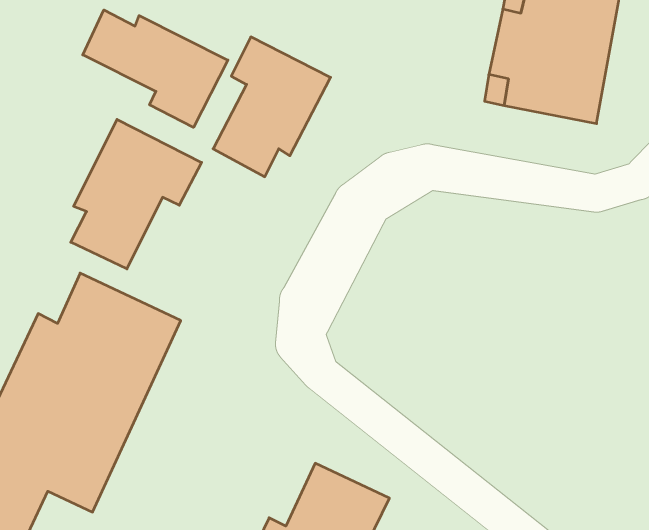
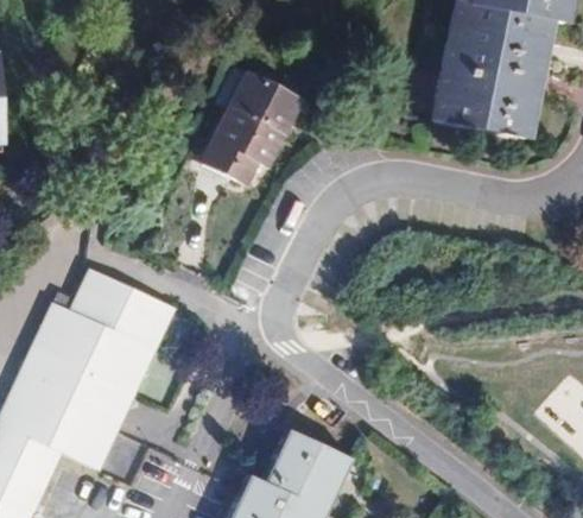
building: [83,10,228,127] -> none
building: [71,119,202,269] -> none

